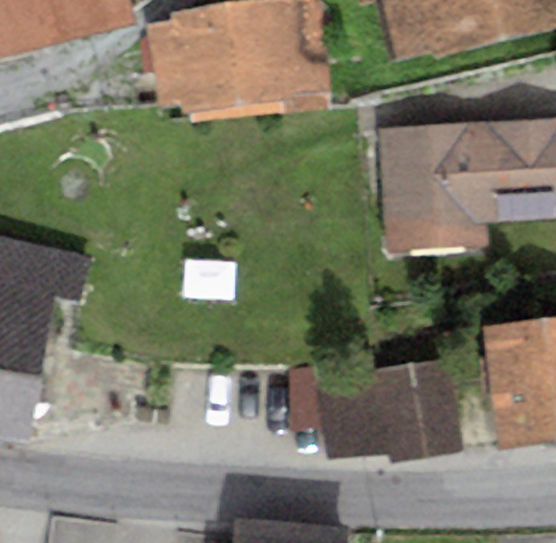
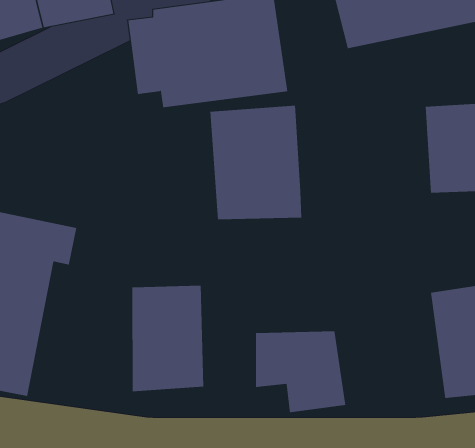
building: [381,122,484,249] -> [209,105,302,220]
building: none -> [132,285,204,392]
building: [378,357,463,461] -> none

